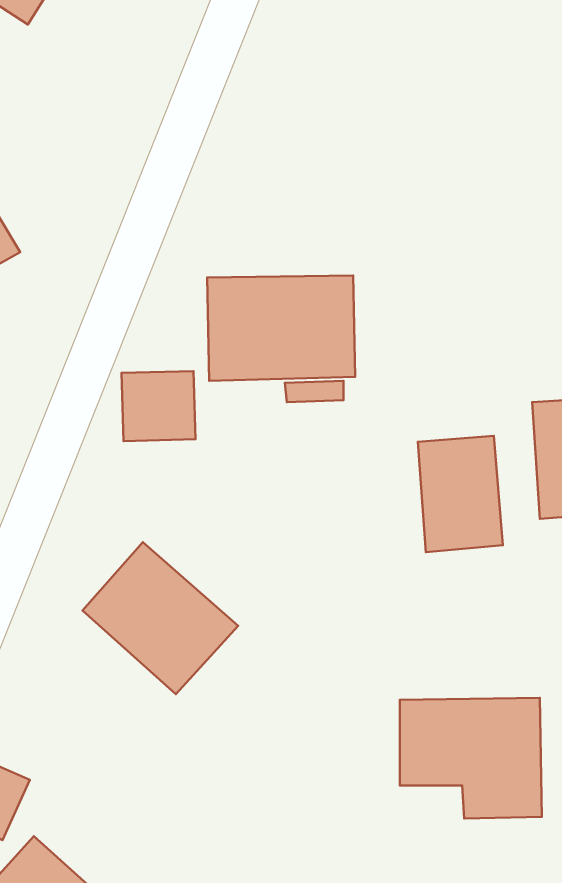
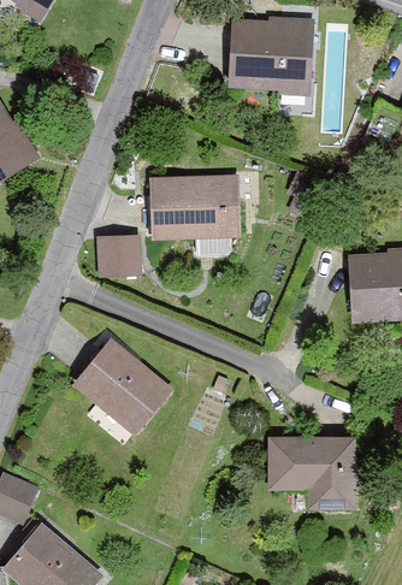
building: none -> [230,18,312,89]
building: [418,436,503,552] -> none

